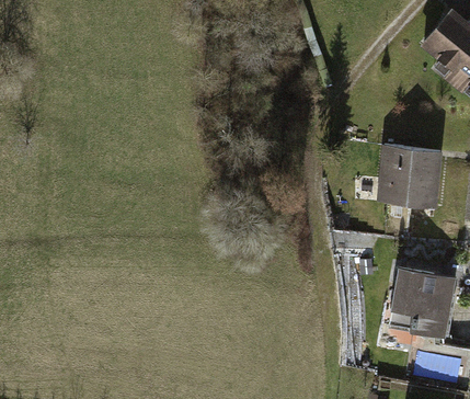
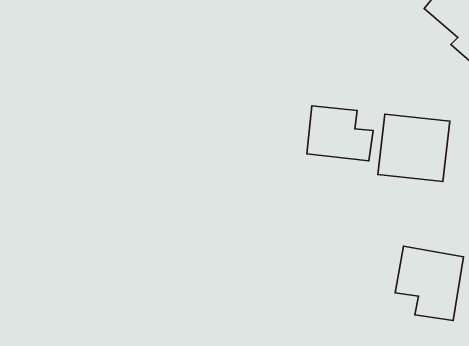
building: none -> [307,106,373,161]

